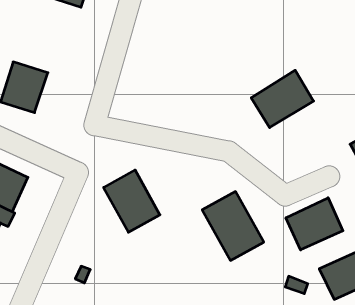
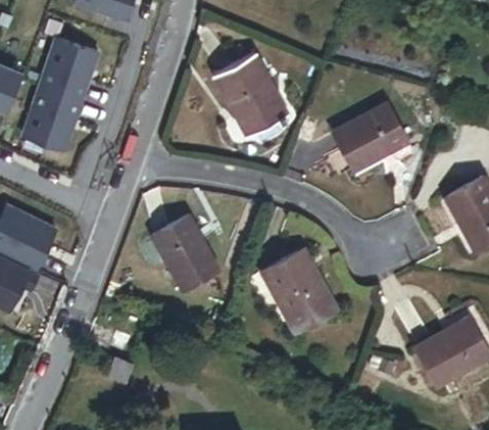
building: none -> [37,40,95,102]
building: none -> [225,52,296,135]
building: [286,198,343,250] -> none

